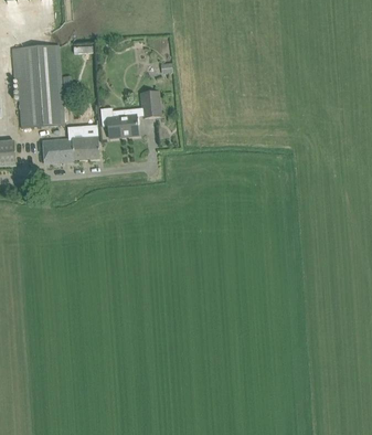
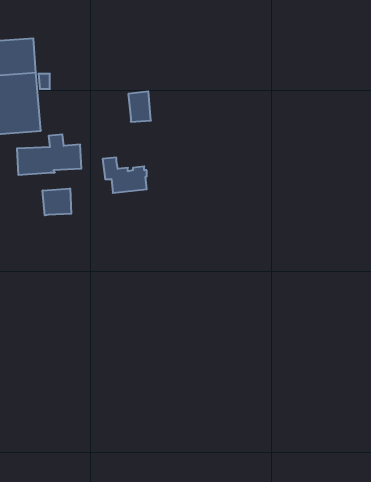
building: [99,106,138,137] -> [103,158,147,193]
building: none -> [43,188,71,215]

